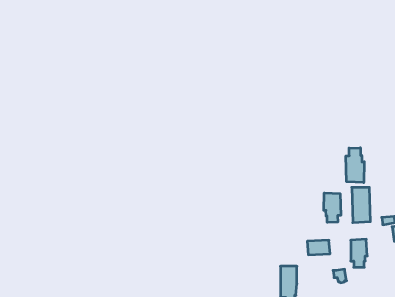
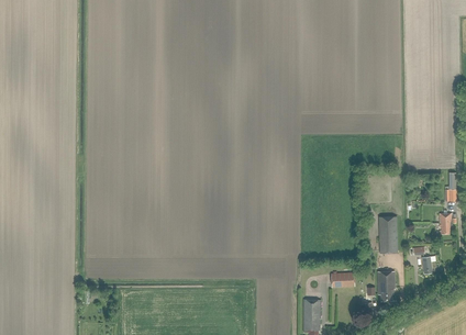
building: [346,148,364,183] -> none
building: [324,193,341,222] -> none

